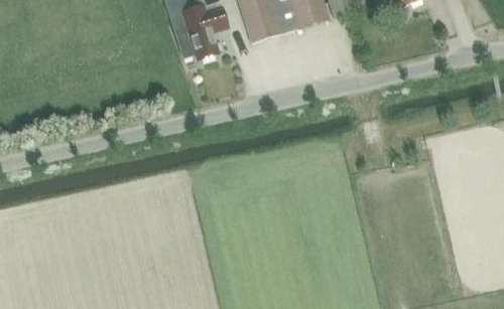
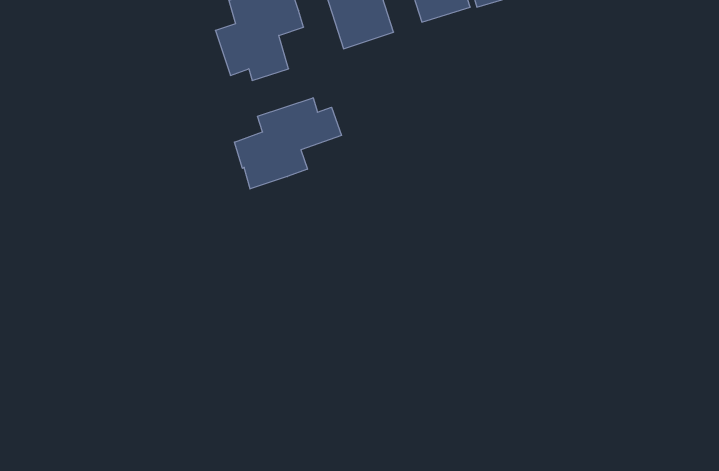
building: none -> [234,98,342,189]

